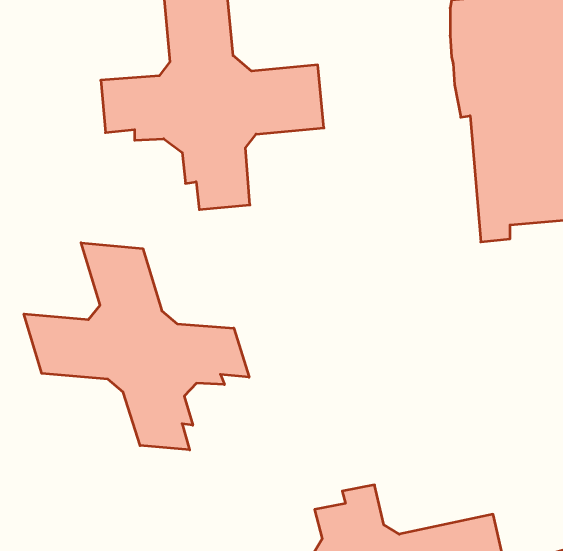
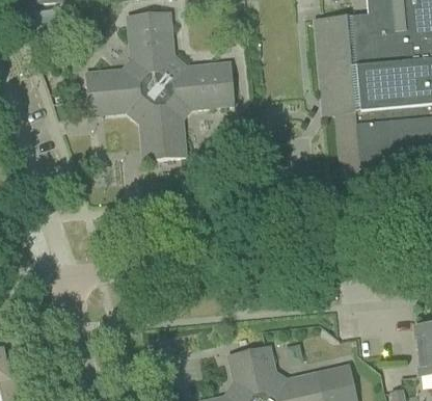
building: [24,243,249,450] -> none

